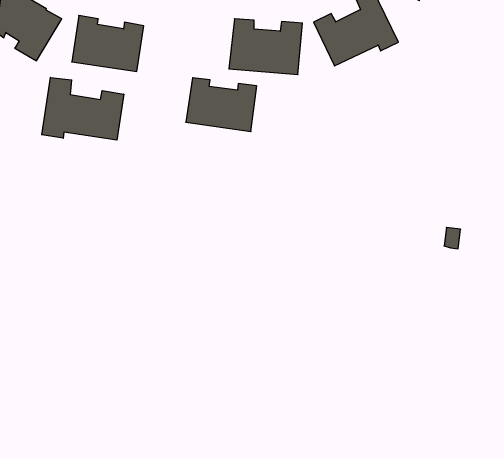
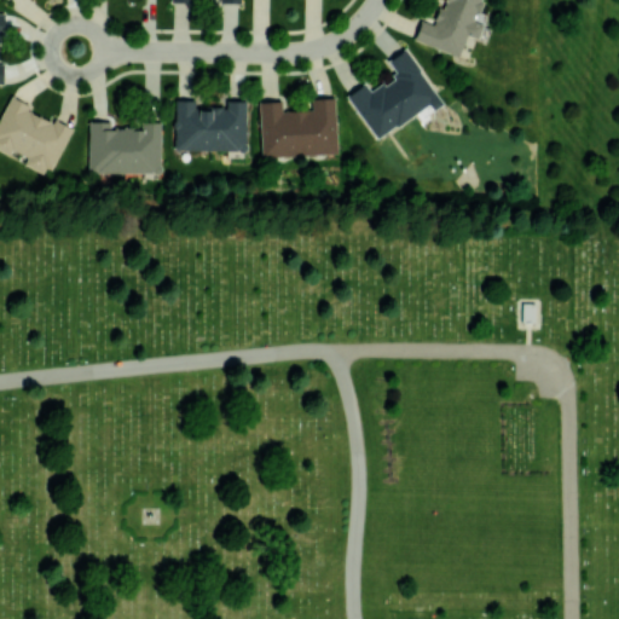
building: [42,77,124,140] -> none
building: [186,78,257,132] -> [175,100,248,151]

